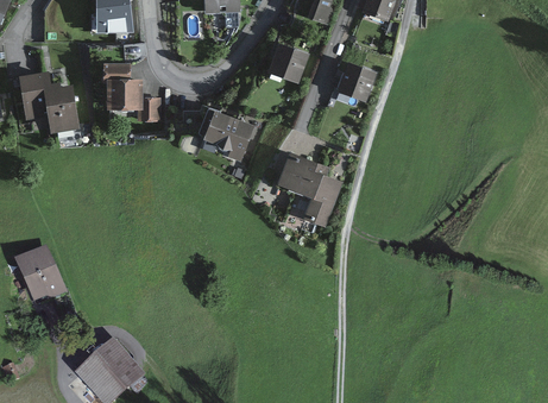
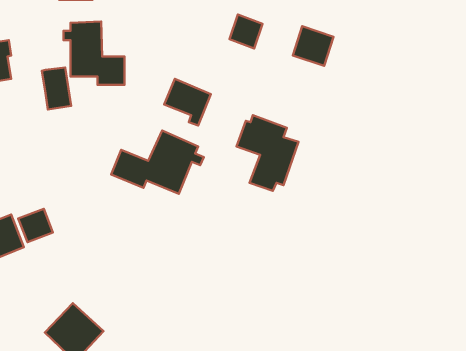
building: [44,88,74,131] -> [42,67,71,109]
building: none -> [111,130,204,194]
building: none -> [18,209,53,242]

